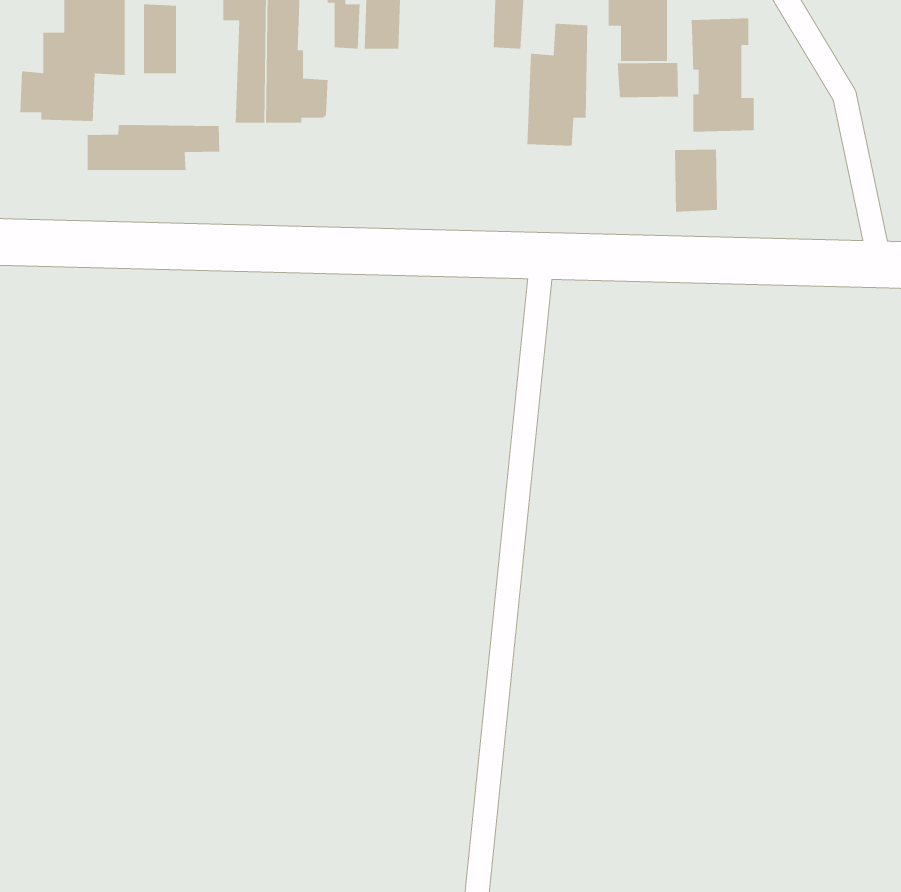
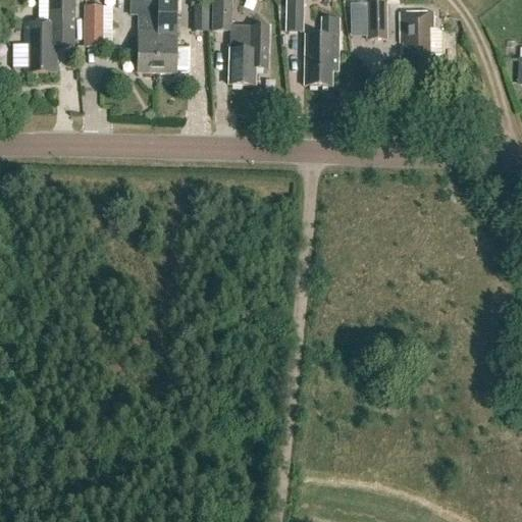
building: none -> [230,23,266,84]
building: [617,62,679,98] -> none
building: [87,124,220,171] -> none
building: [674,149,718,213] -> none

